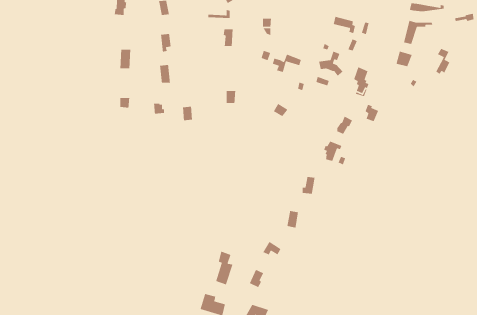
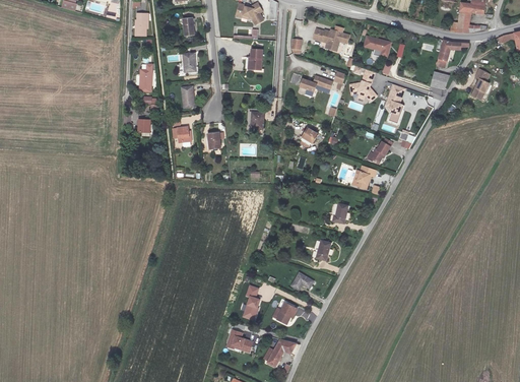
building: none -> [314,25,350,46]

